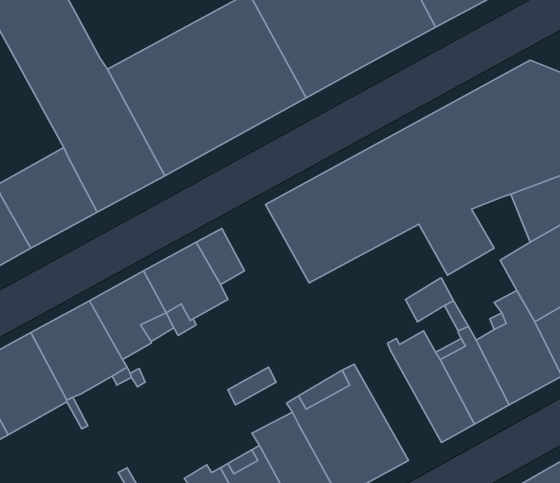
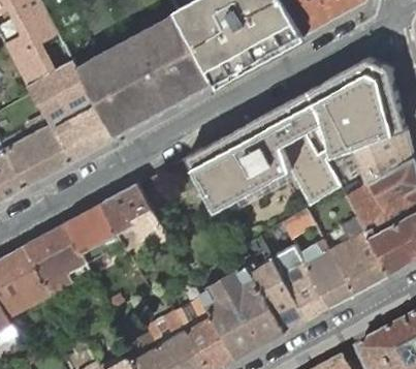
building: none -> [235,244,306,333]

